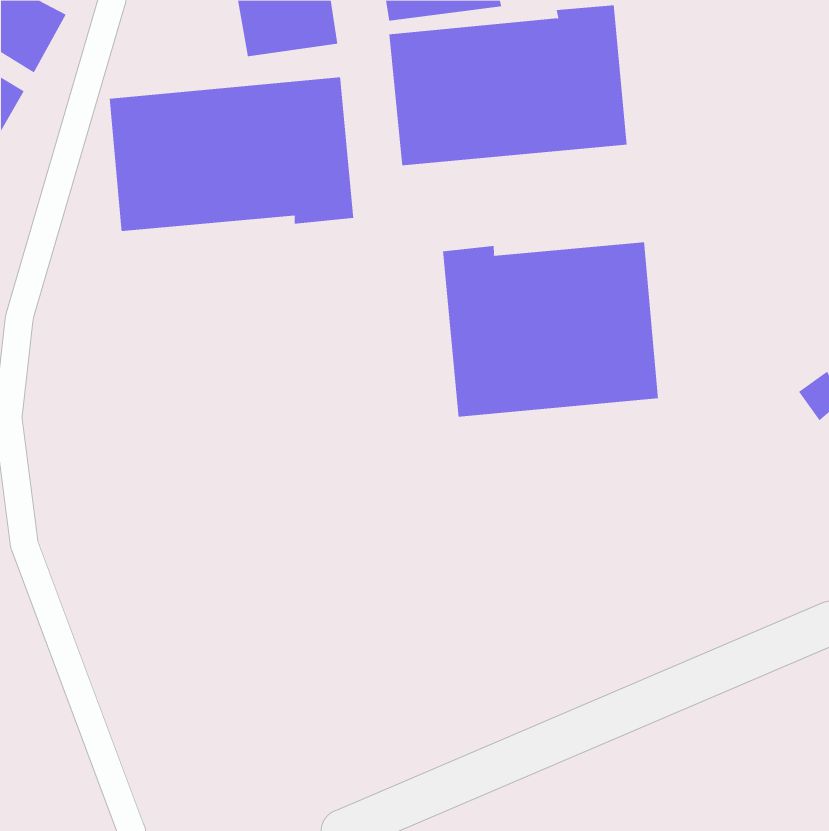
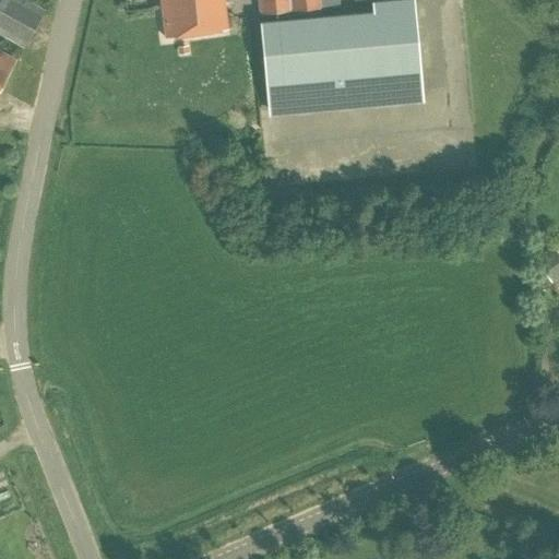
building: [109,76,354,232] -> none
building: [442,242,658,418] -> none

